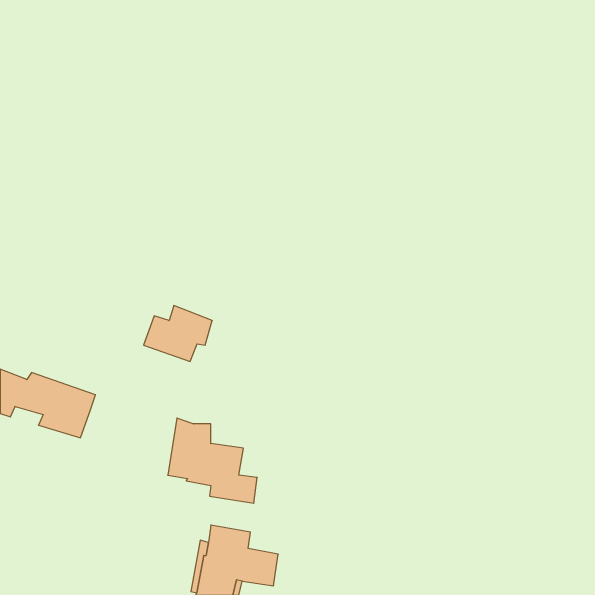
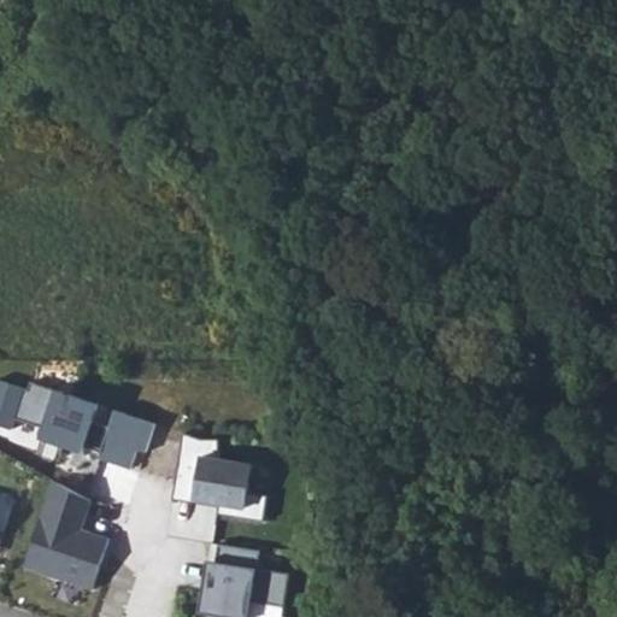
building: [144,306,212,361] -> [83,412,154,470]
building: none -> [24,480,108,589]

